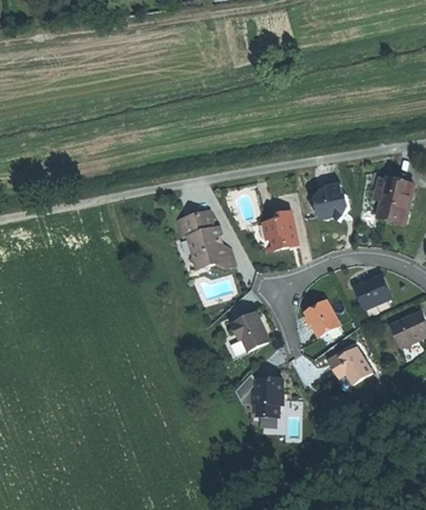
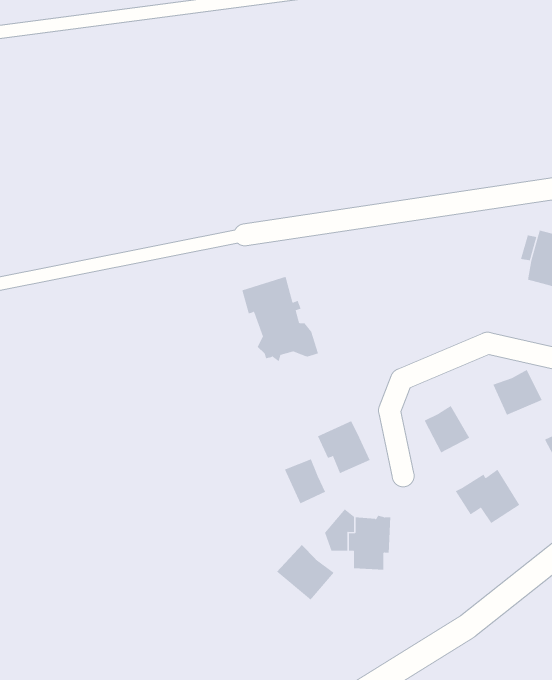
building: [312,183,347,220] -> none
building: [260,210,295,247] -> none
building: none -> [284,459,326,504]
building: none -> [276,544,334,600]

